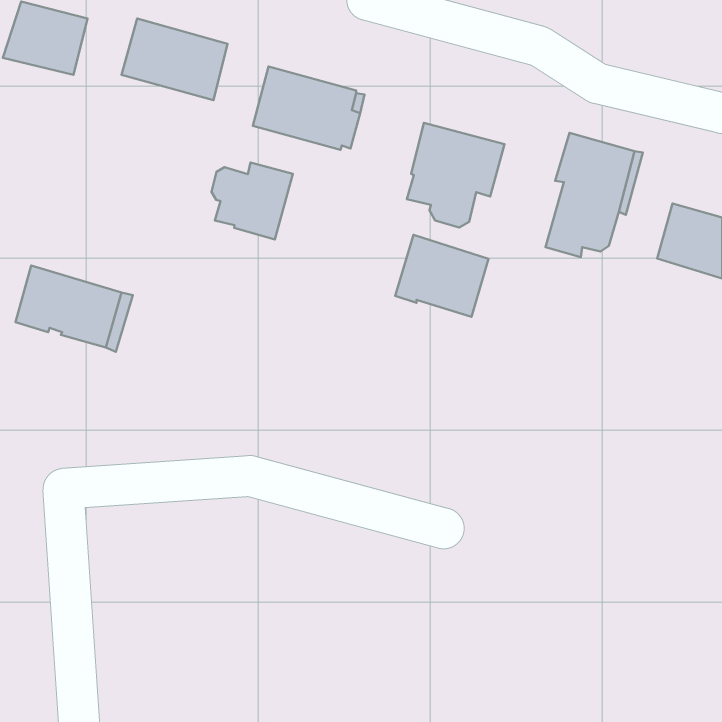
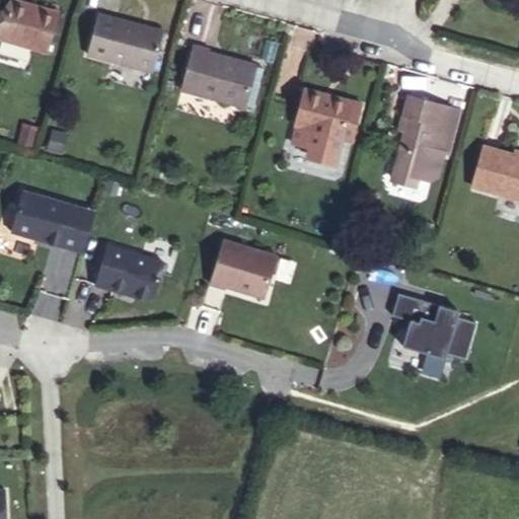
building: [212,162,293,239] -> none
building: [395,235,489,317] -> [210,239,277,298]
building: none -> [95,245,164,300]
building: none -> [391,293,476,358]

